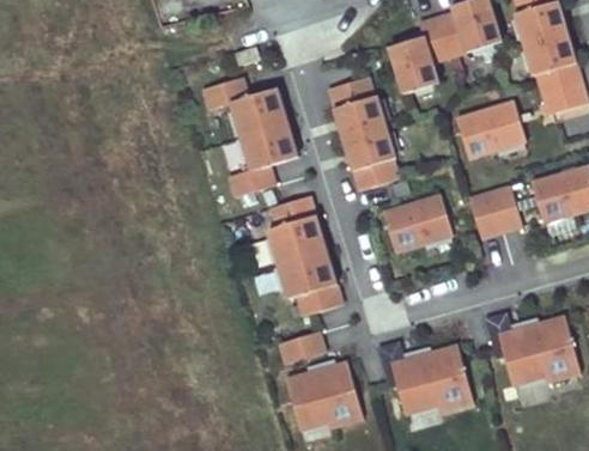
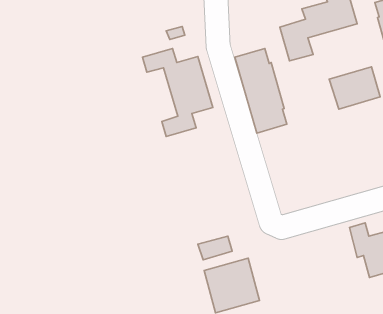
building: [469,185,521,238] -> none
building: [267,194,341,315] -> none
building: [383,194,453,251] -> none
building: [376,341,472,414] -> none

